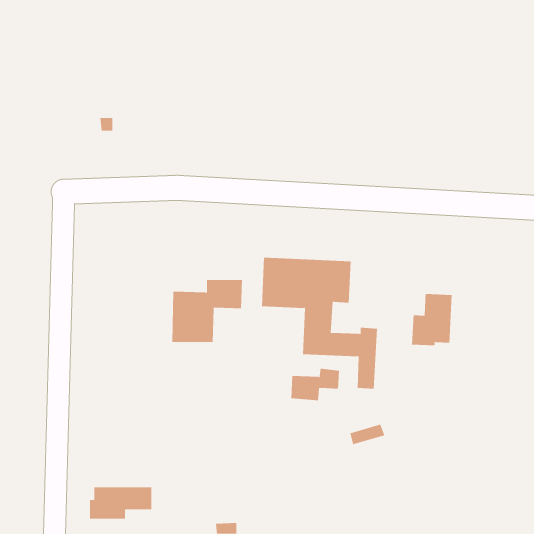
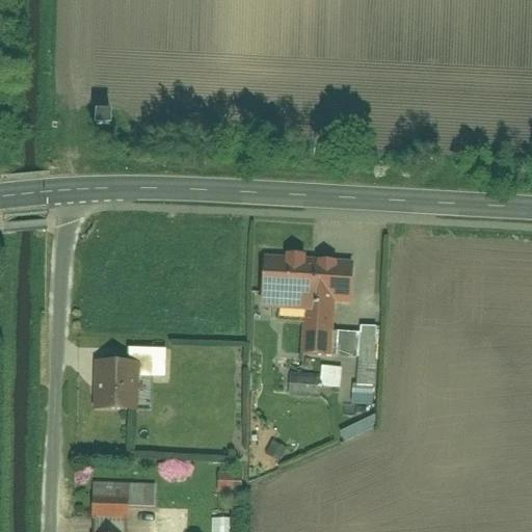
building: [171,280,243,343] -> [94,346,164,408]
building: [412,293,452,346] -> none

